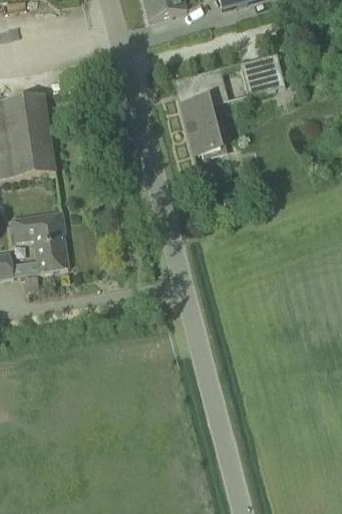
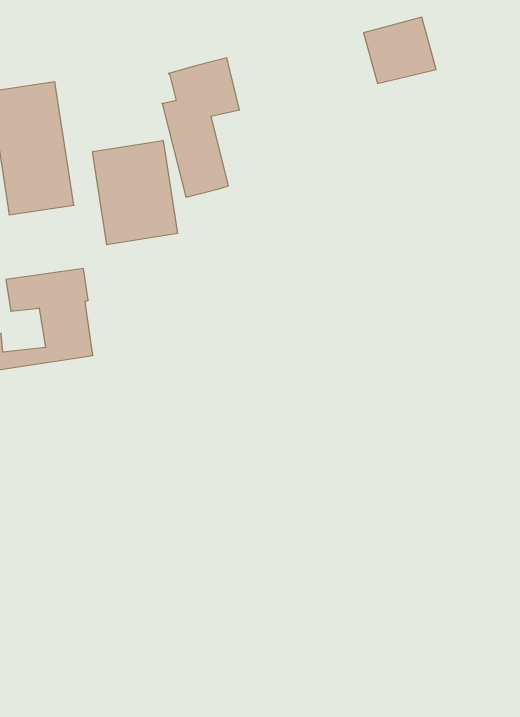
building: [178,67,227,156] -> [162,58,240,197]
building: none -> [93,140,177,245]

